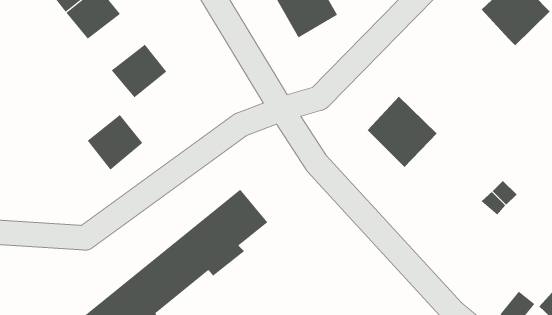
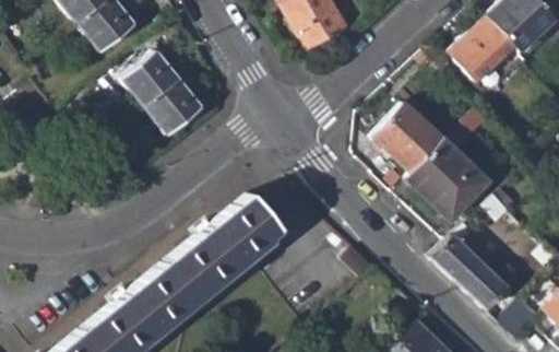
building: none -> [450,17,514,82]
building: [87,114,143,171] -> [145,79,201,134]
building: none -> [406,140,488,223]
building: none -> [431,224,509,312]

